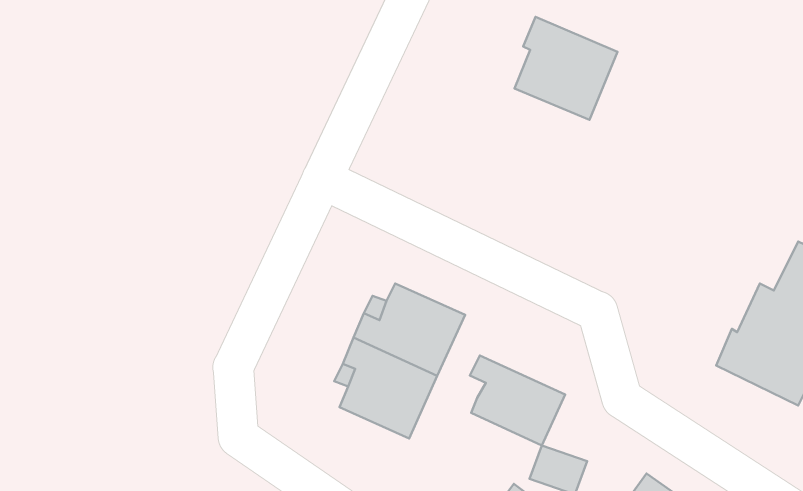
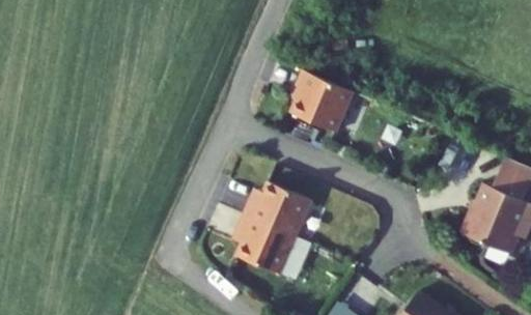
building: [514,17,617,120] -> [295,68,356,130]
building: [470,356,565,446] -> none

